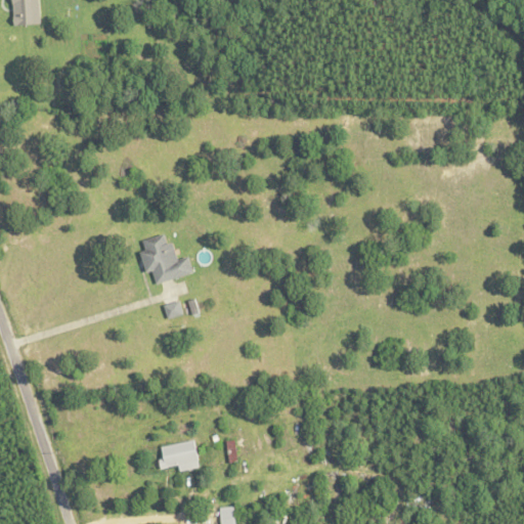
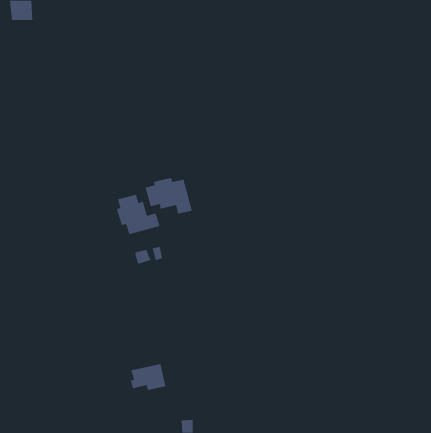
building: none -> [145,177,193,215]

